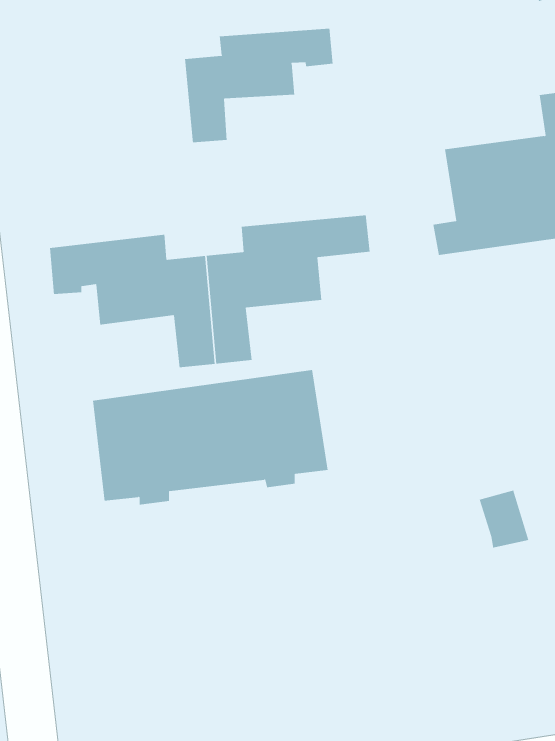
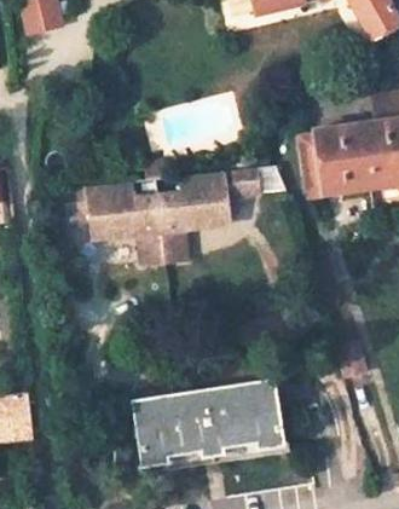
building: [185,28,333,143] -> none
building: [92,370,328,505] -> [133,381,281,465]

